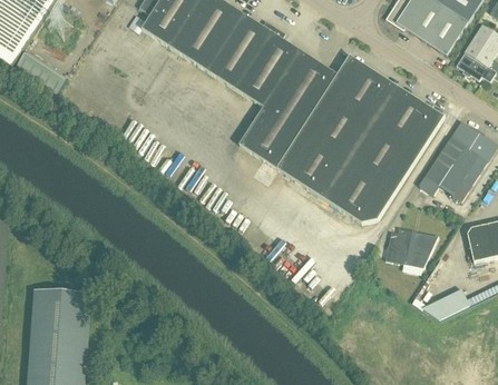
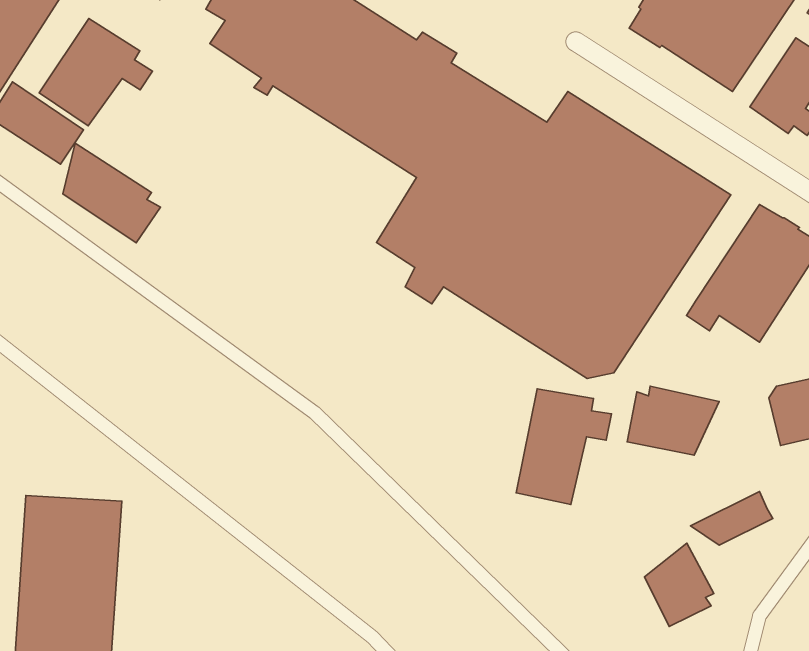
building: none -> [39,18,153,126]
building: none -> [63,143,161,243]
building: none -> [516,389,611,505]
building: none -> [644,543,714,626]

